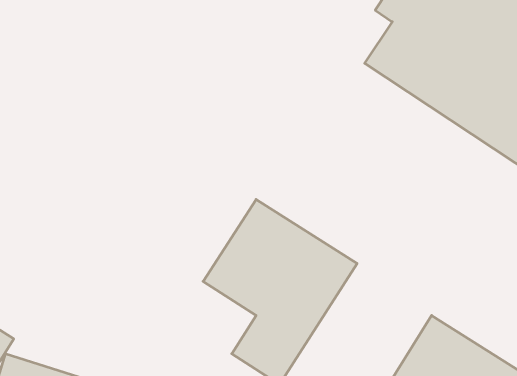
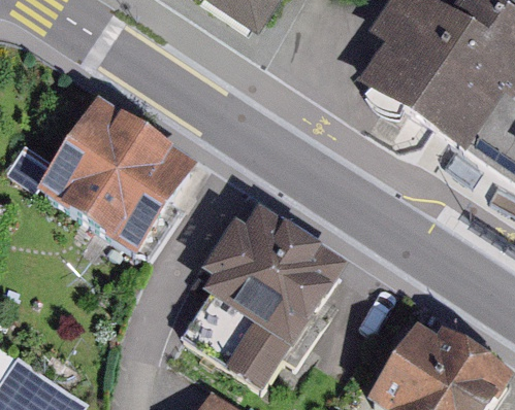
building: none -> [32,94,193,251]

